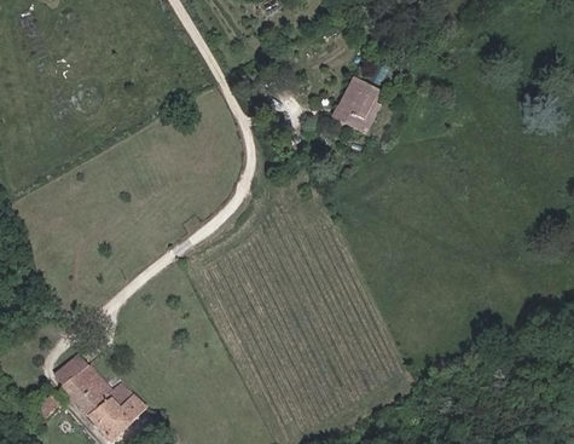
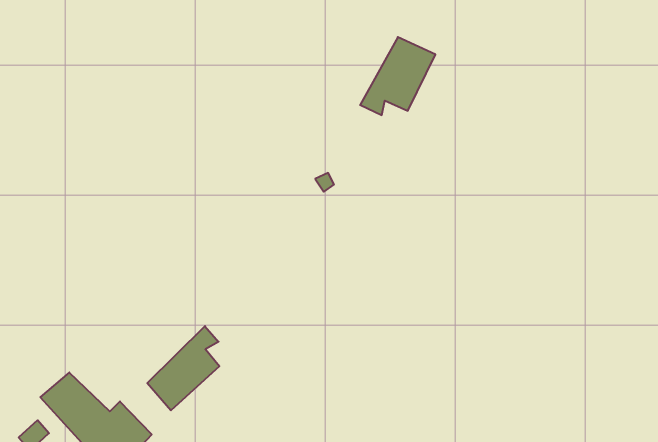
building: none -> [147,326,219,410]

